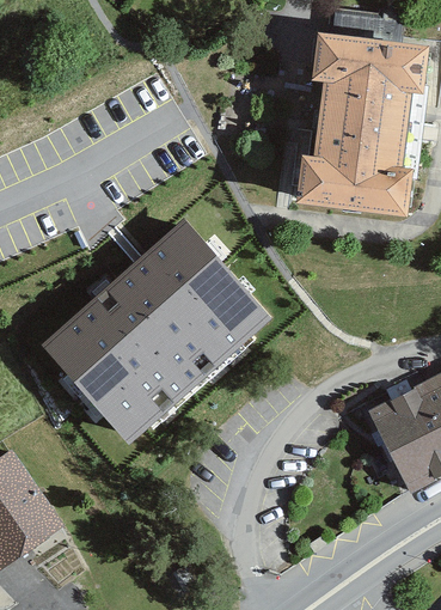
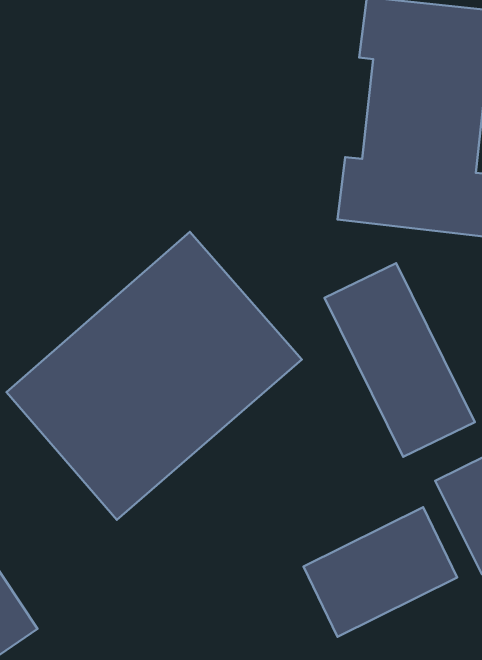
building: none -> [325,263,475,457]
building: none -> [303,507,457,637]

